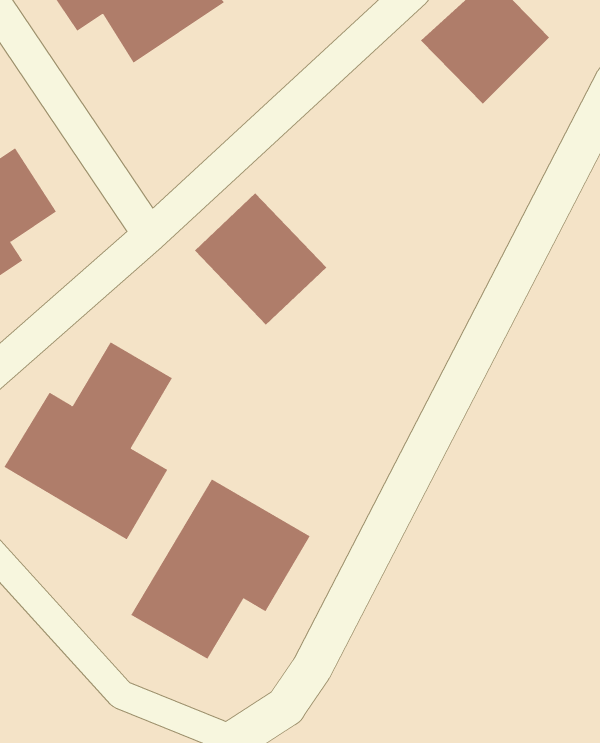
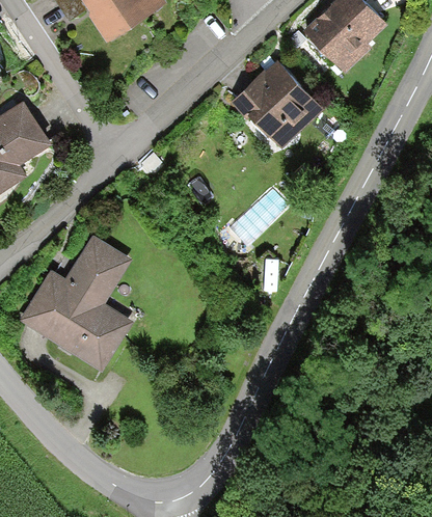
building: [194,193,327,325] -> [232,59,322,149]
building: [131,478,311,659] -> none

